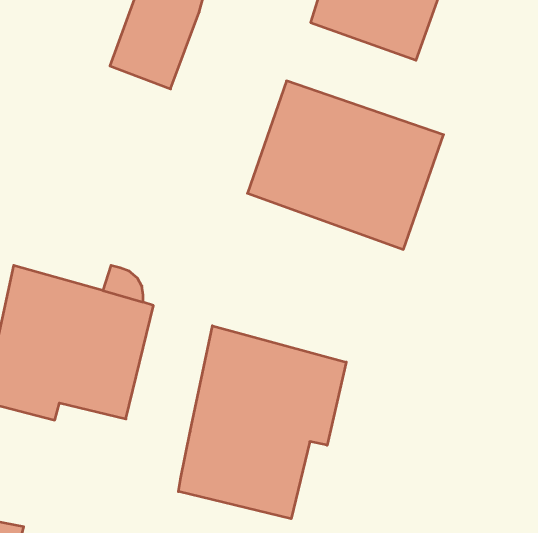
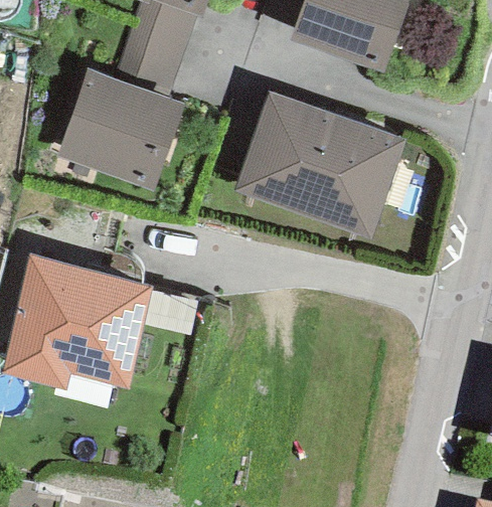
building: none -> [57,67,184,191]
building: [178,326,346,519] -> none

